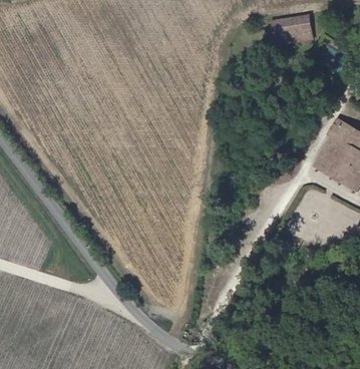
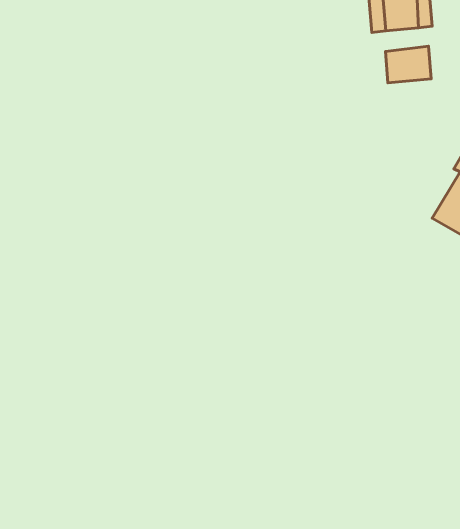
building: none -> [385,46,431,83]

